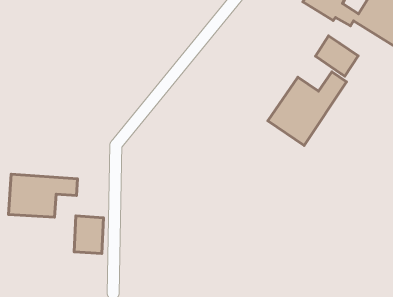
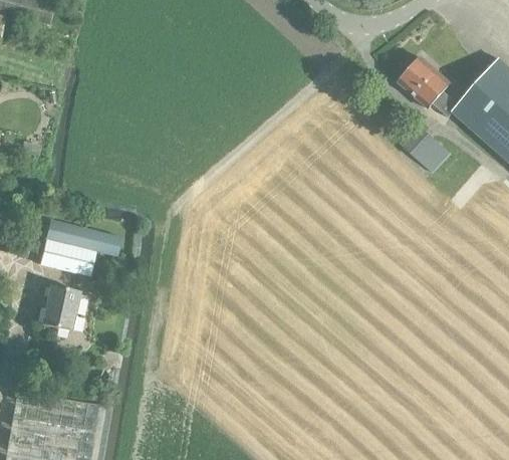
building: [268,72,346,146] -> none
building: [74,216,103,254] -> [39,284,77,330]

